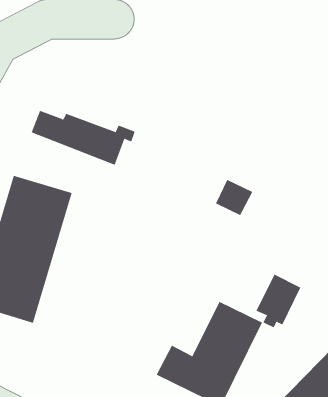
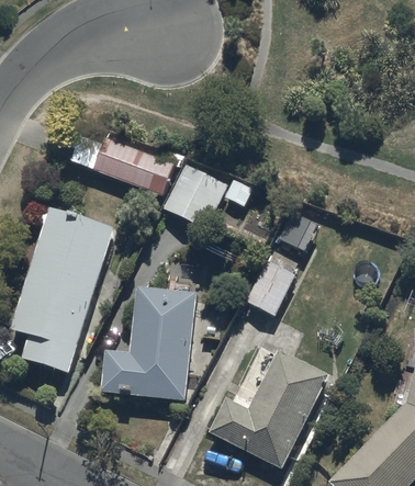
building: none -> [161,165,251,230]
building: none -> [100,285,197,400]
building: [256,274,301,328] -> [243,259,294,320]

